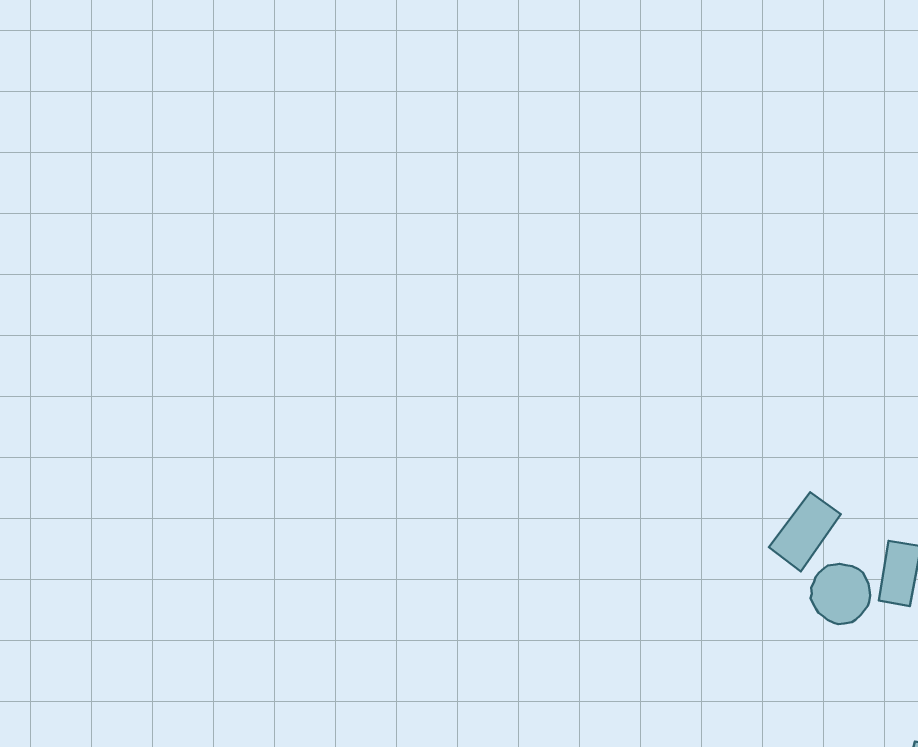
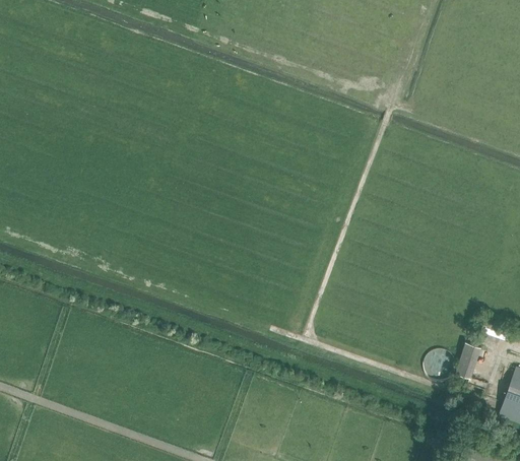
building: [769,492,841,571] -> none

